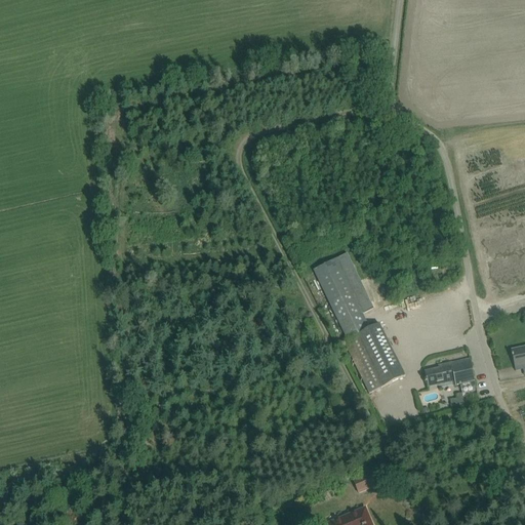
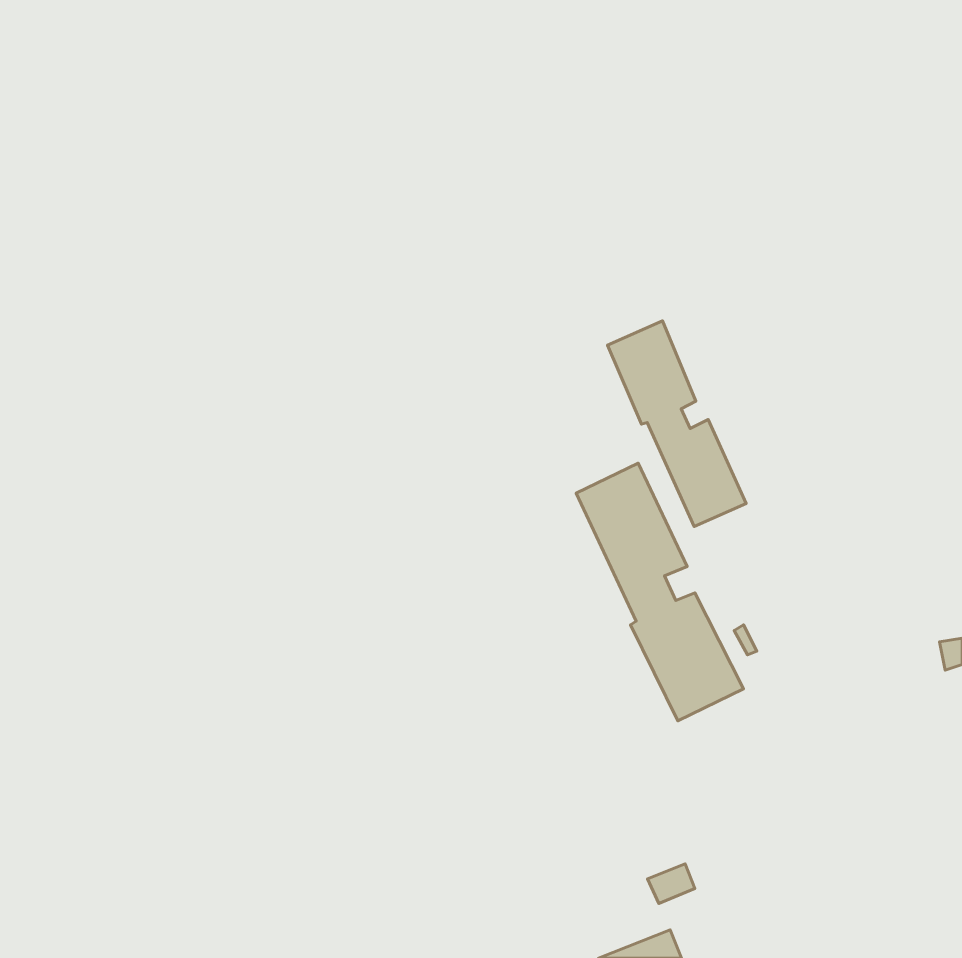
building: none -> [607,321,746,526]
building: [425,358,475,385] -> none

